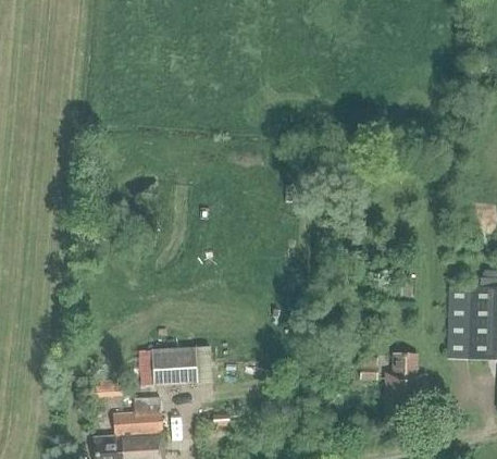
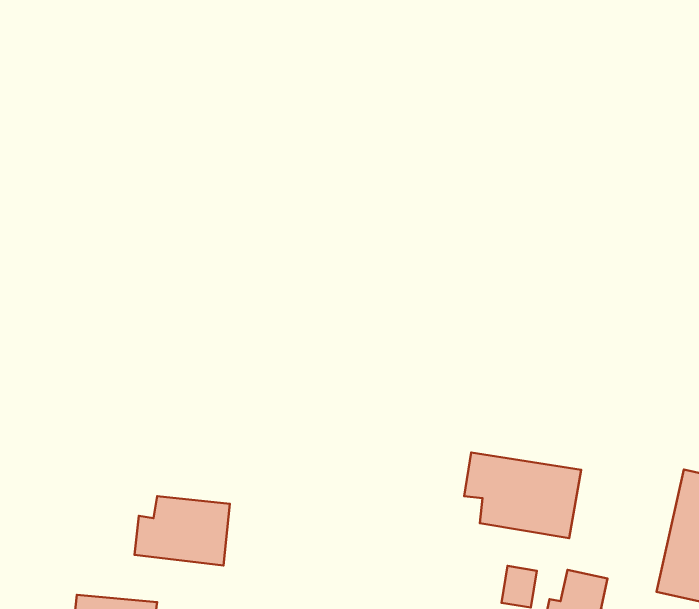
building: none -> [464,453,581,538]

